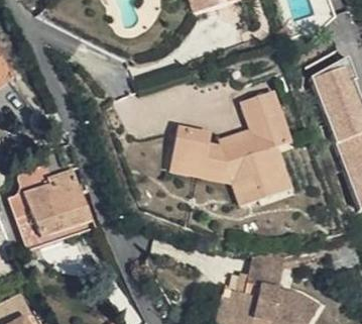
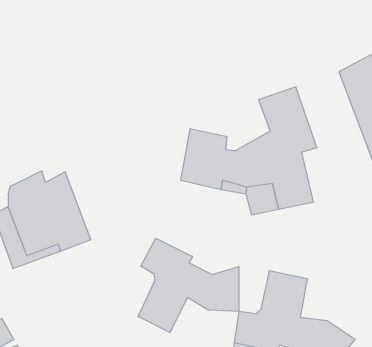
building: none -> [138,238,239,332]

